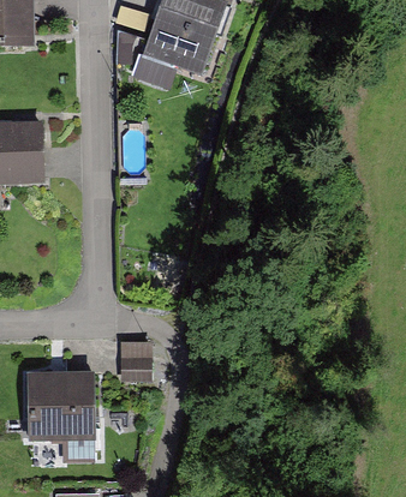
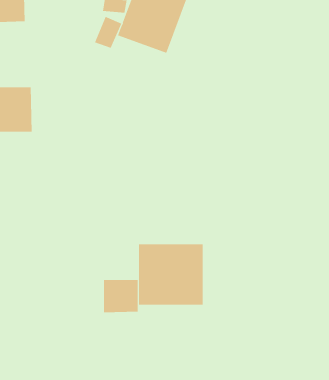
building: none -> [138,243,203,306]
building: [26,371,94,454] -> none

